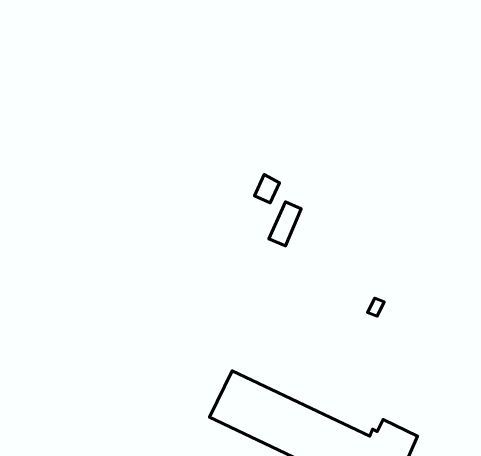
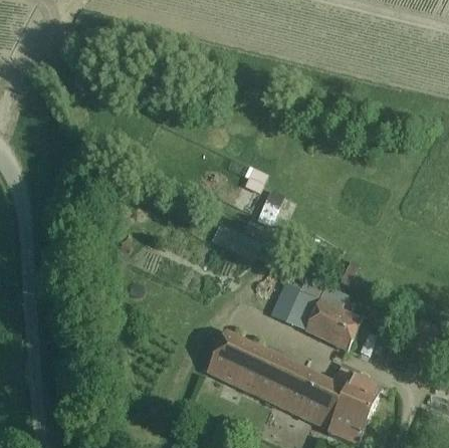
building: none -> [283,288,360,350]

